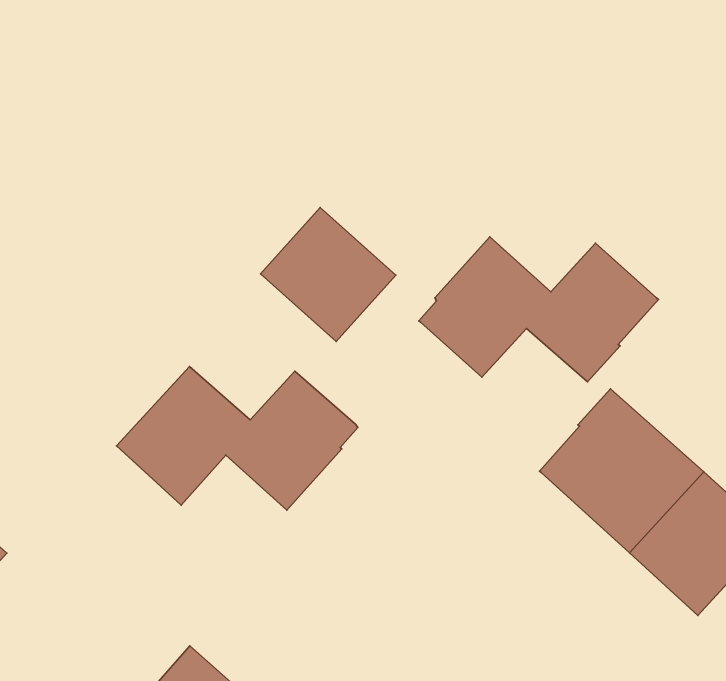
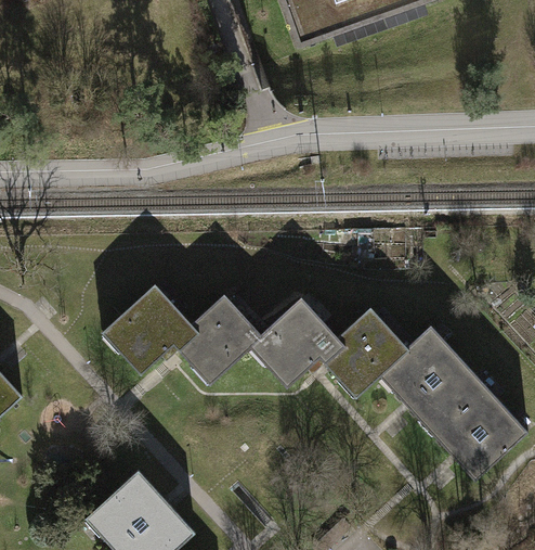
building: [260,208,396,342] -> none
building: [419,237,658,382] -> [249,297,408,399]

